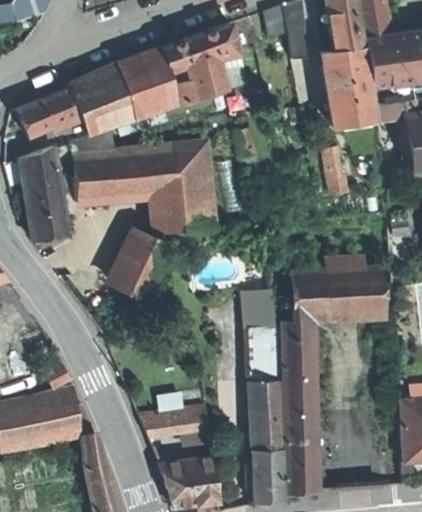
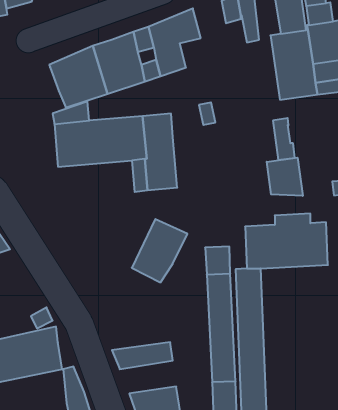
building: [16,89,77,138] -> none
building: [19,147,67,241] -> none
building: none -> [267,158,303,196]
building: [106,227,170,300] -> [132,219,187,282]

